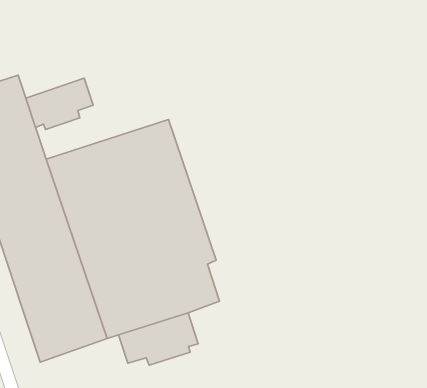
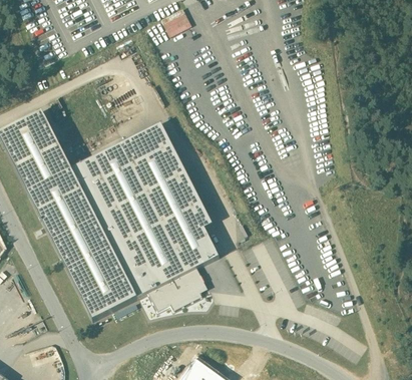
building: [26,78,93,130] -> none

